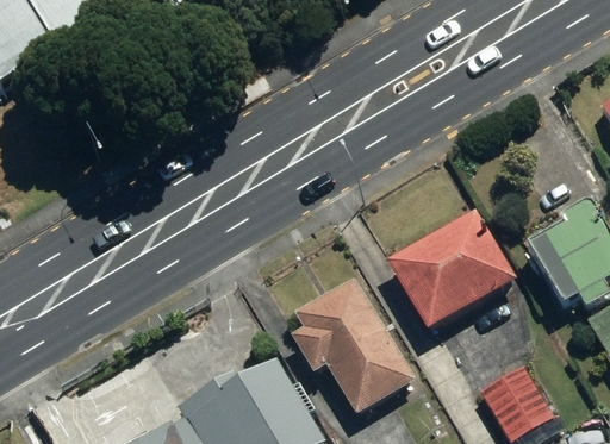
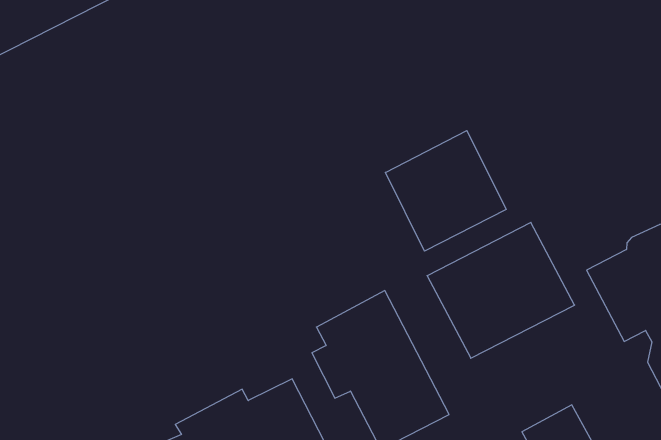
building: none -> [385,131,506,251]

